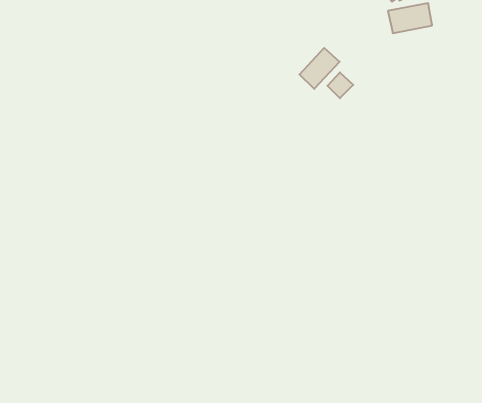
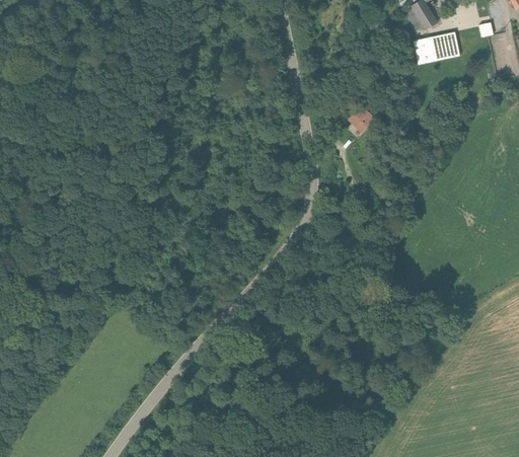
building: [299,48,340,89] -> none

